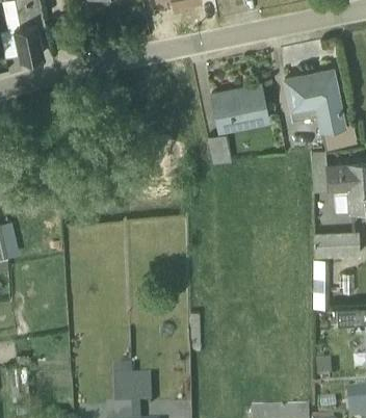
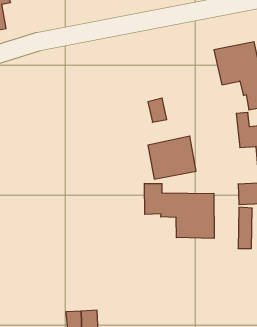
building: [212,78,268,128] -> [148,136,196,179]
building: none -> [144,183,214,238]

